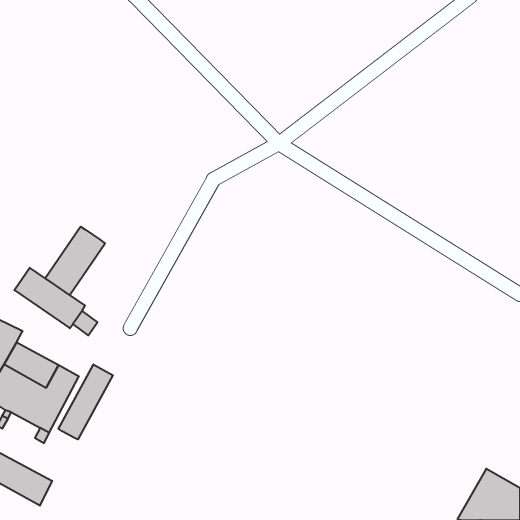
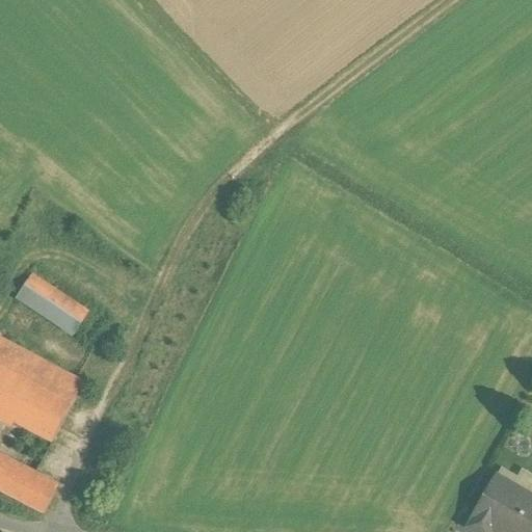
building: [45,227,105,295] -> none
building: [58,364,113,439] -> none

